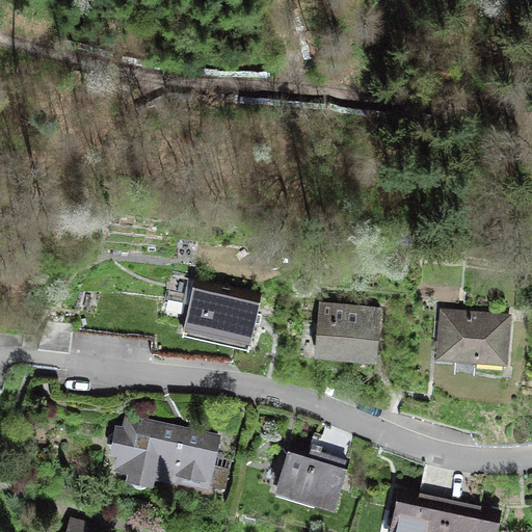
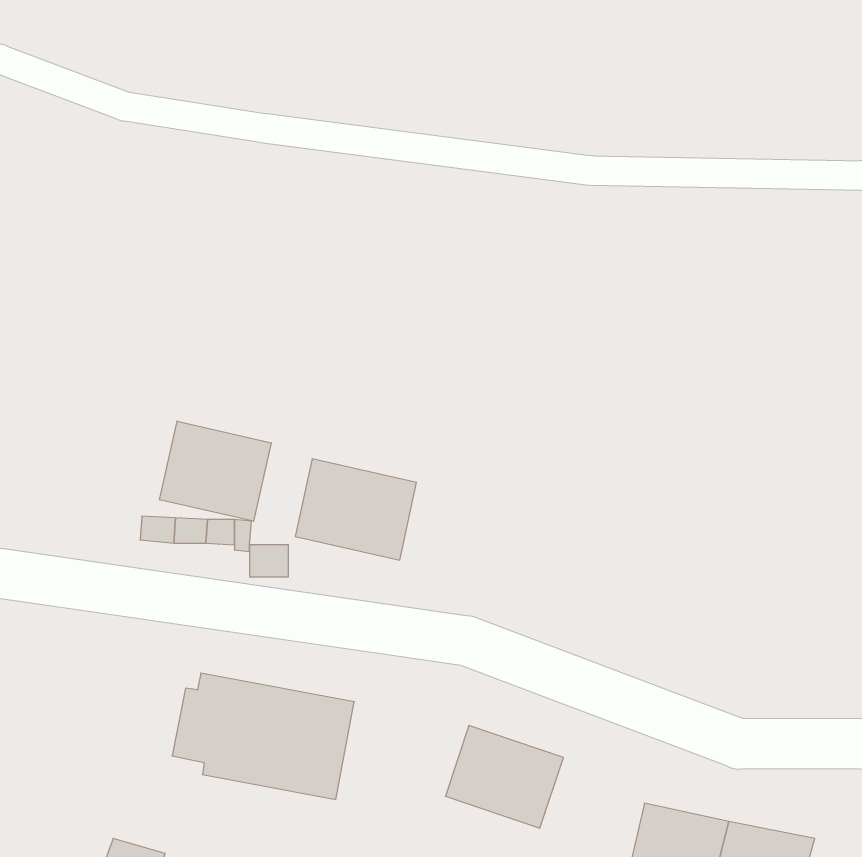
building: none -> [159,421,271,521]
building: [315,304,380,363] -> none
building: [435,311,510,365] -> none

